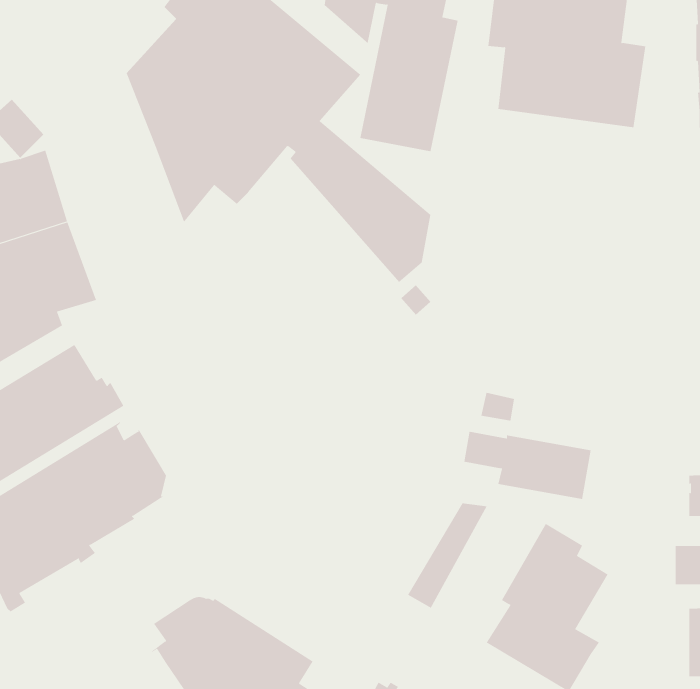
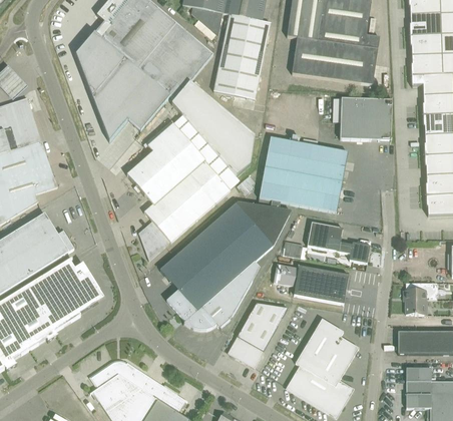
building: none -> [340,96,392,142]
building: none -> [127,123,231,260]
building: none -> [259,137,348,213]
building: none -> [160,201,292,330]
building: none -> [307,223,370,263]
building: none -> [228,303,273,360]

